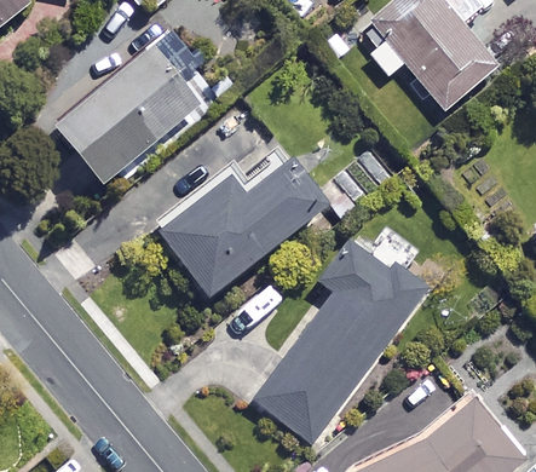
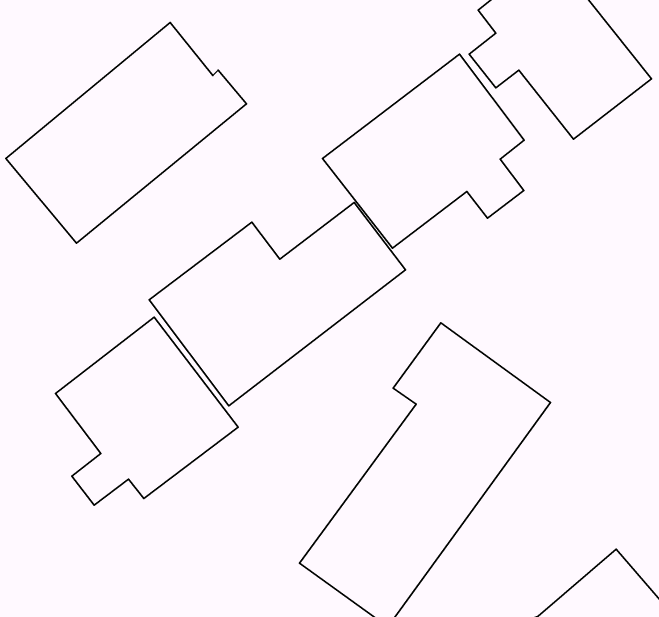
building: none -> [322,54,524,248]
building: none -> [55,317,238,505]

